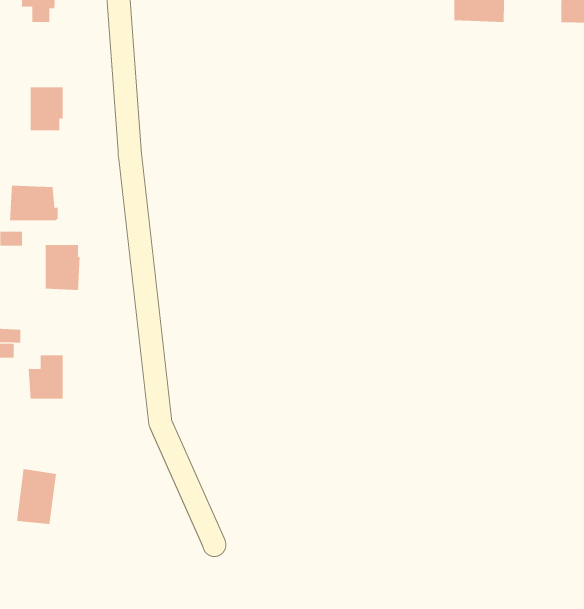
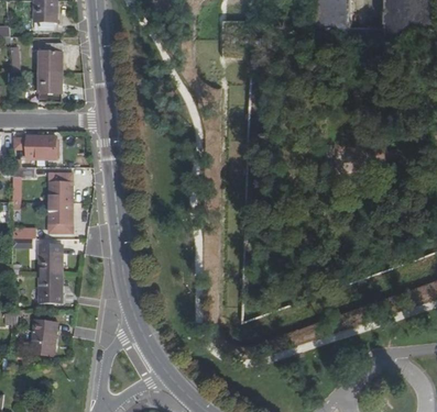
building: none -> [40,44,62,71]
building: none -> [48,202,72,232]
building: none -> [39,274,62,302]

